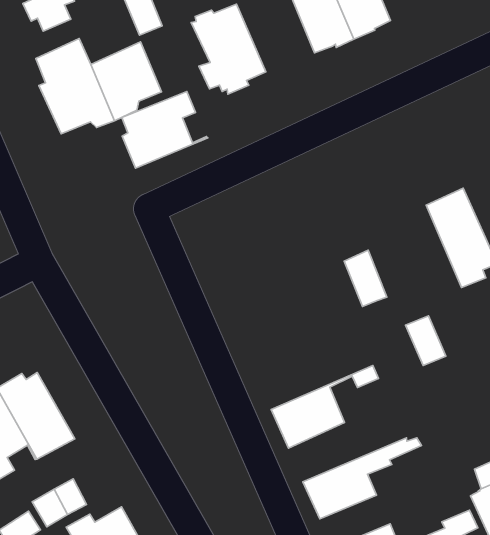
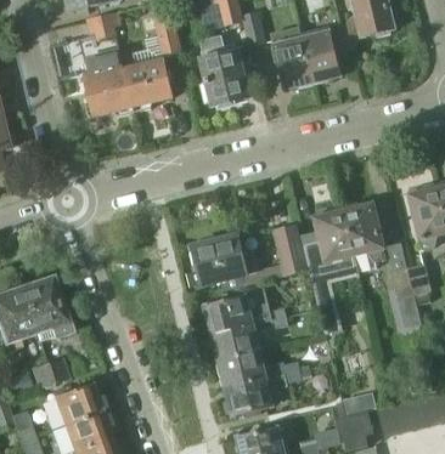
building: [122,92,208,168] -> none
building: none -> [316,209,359,276]
building: none -> [188,235,247,288]
building: none -> [204,286,287,333]
building: none -> [218,351,302,387]

